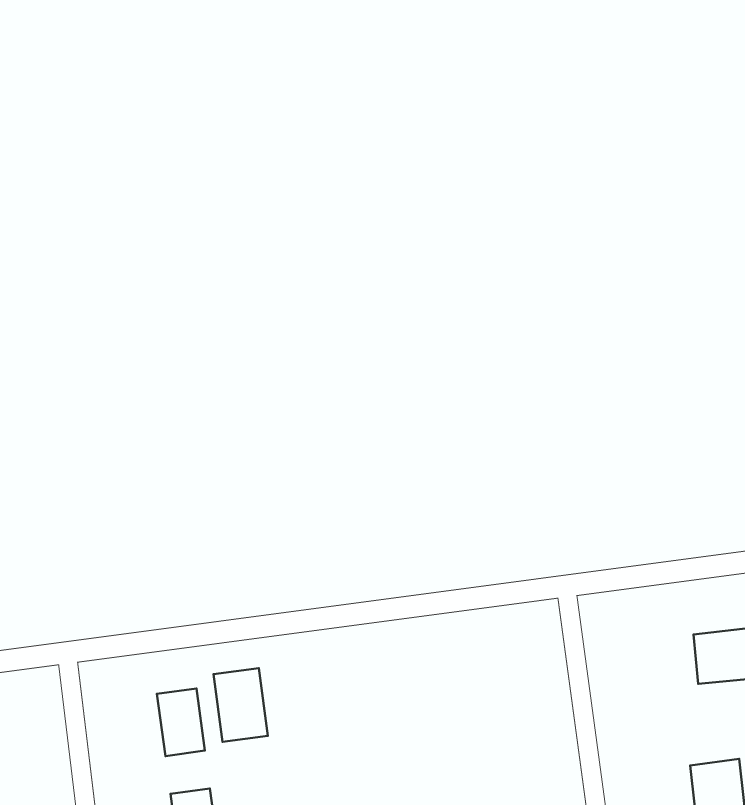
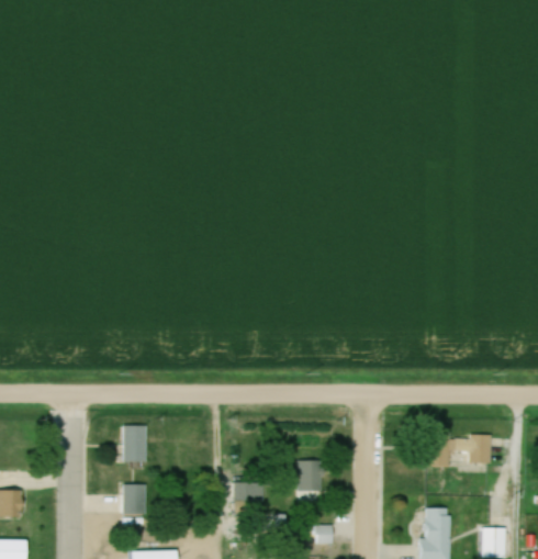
building: [213,668,268,742] -> none
building: none -> [295,461,323,493]

